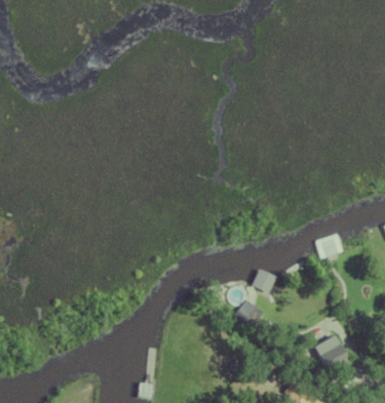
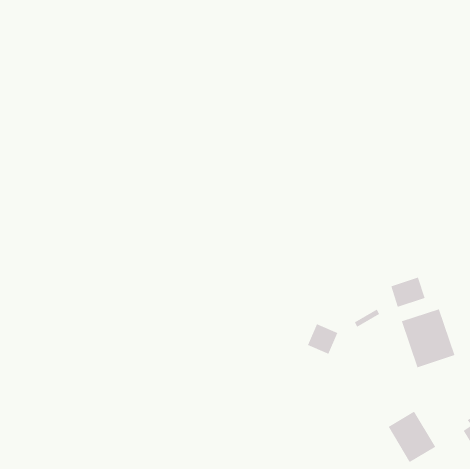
building: none -> [401,308,455,368]
building: [234,297,263,326] -> none

